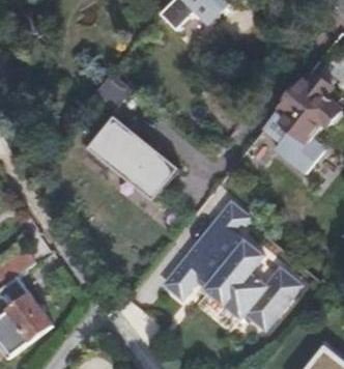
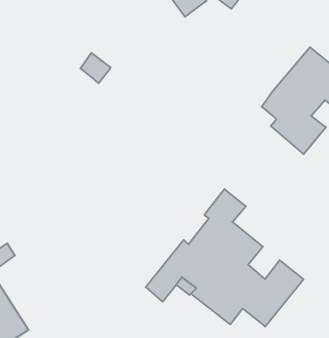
building: [88,114,179,199] -> none

